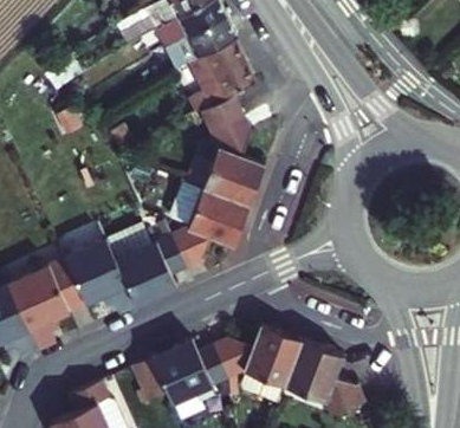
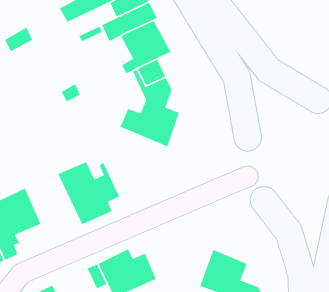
building: [169,187,246,270] -> none
building: [63,240,135,314] -> none
building: [216,320,304,385] -> none

